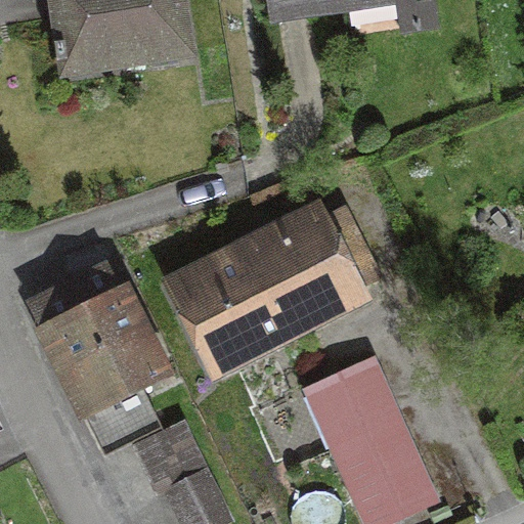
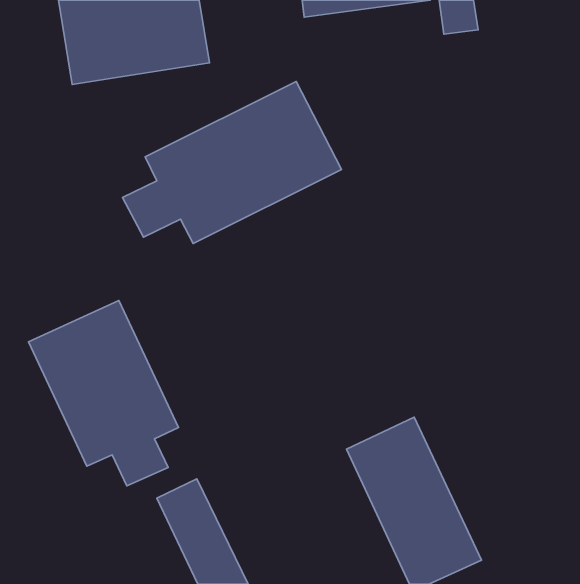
building: none -> [122,82,341,244]
building: [172,212,377,367] -> none

